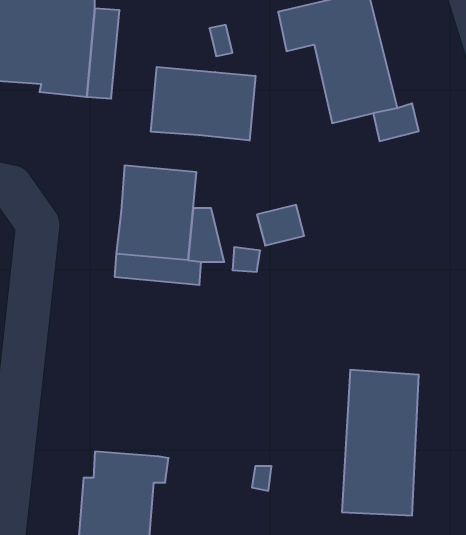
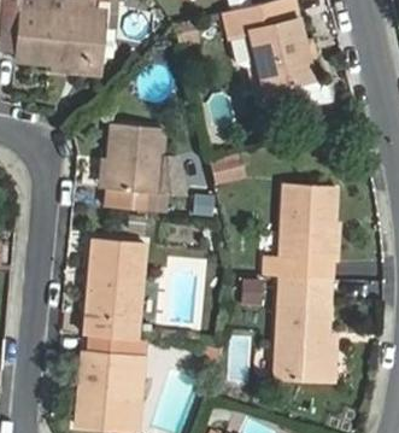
building: [151,67,255,141] -> none
building: none -> [268,185,335,279]
building: none -> [84,239,146,339]

